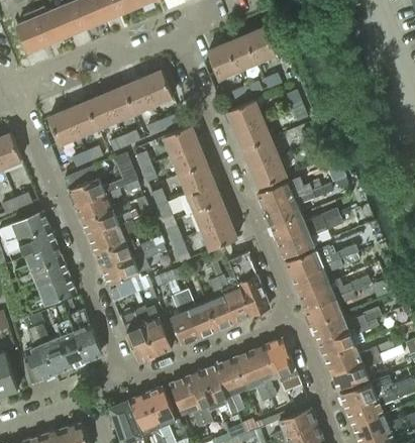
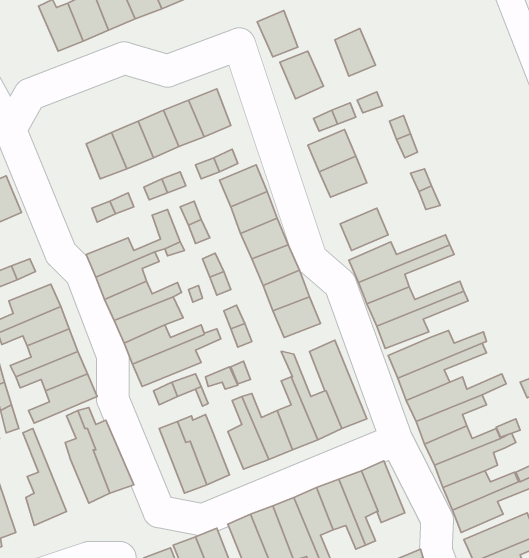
building: [17,11,48,52] -> none
building: [228,35,257,69] -> [257,11,298,57]
building: [49,110,79,143] -> none
building: [244,138,278,168] -> none
building: [30,311,71,374] -> none

